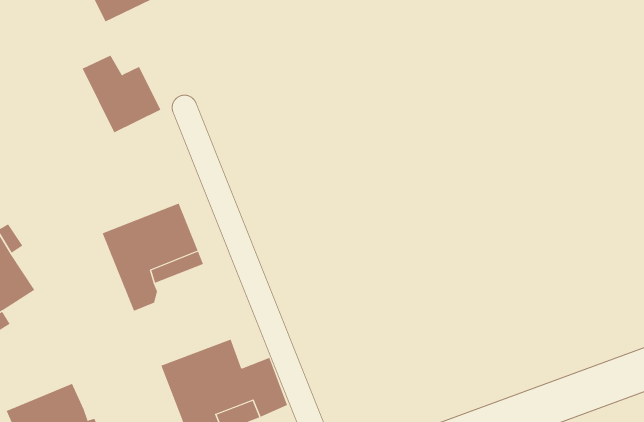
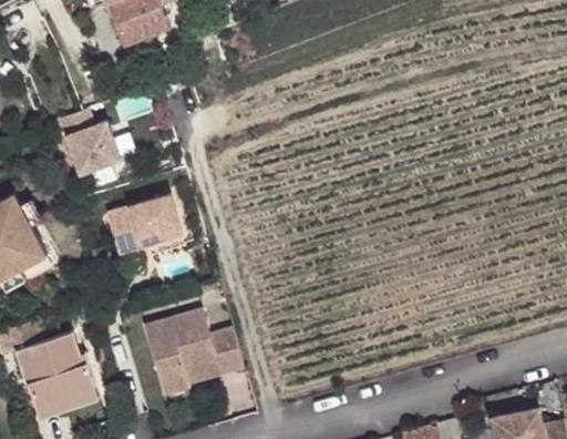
building: [82,55,161,133] -> [61,109,122,172]

